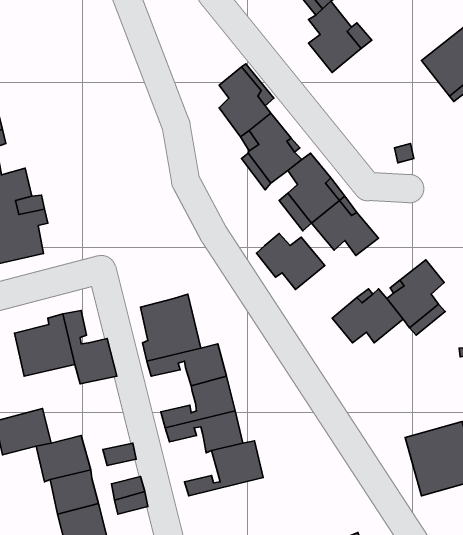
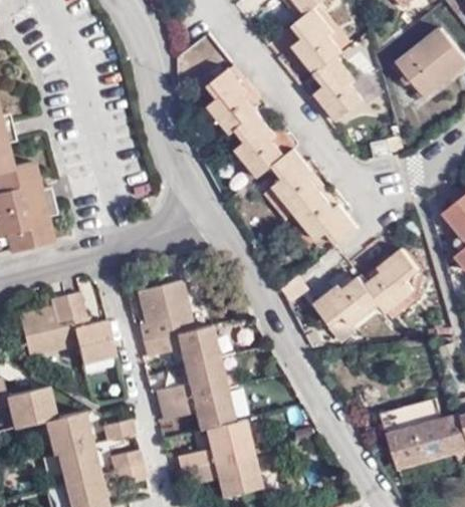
building: none -> [316,55,365,119]
building: [256,234,325,289] -> none
building: none -> [183,451,260,494]

